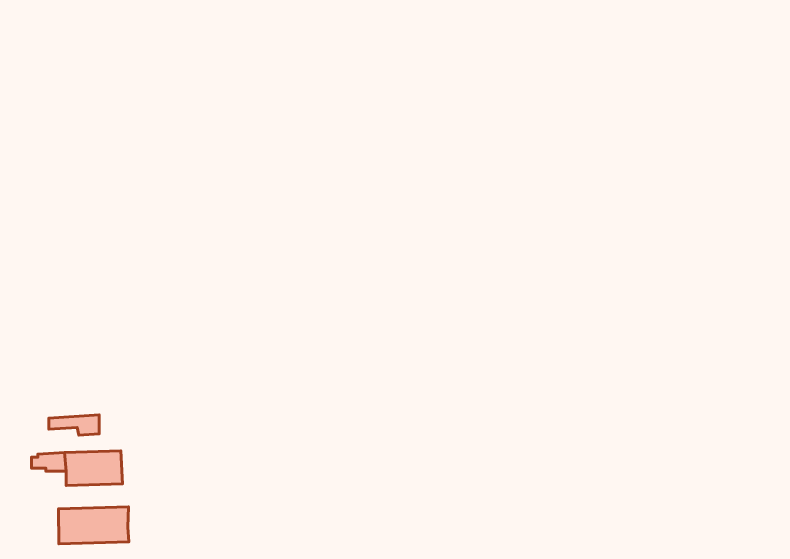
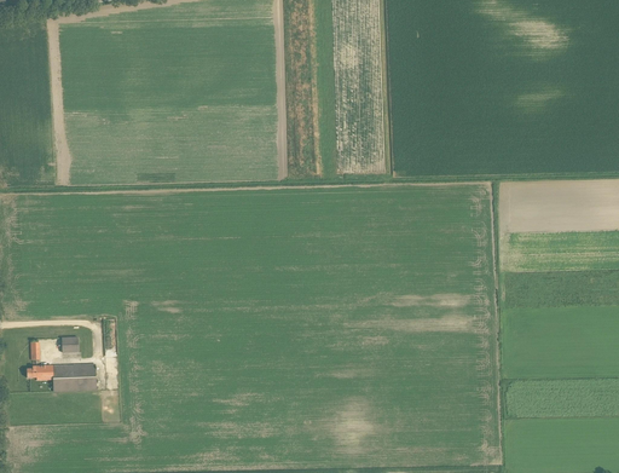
building: [59,507,129,544] -> none

